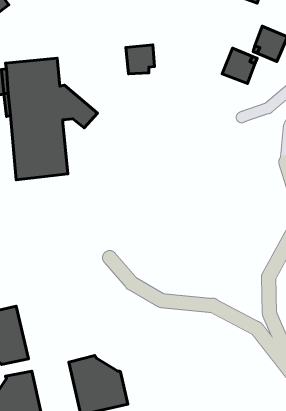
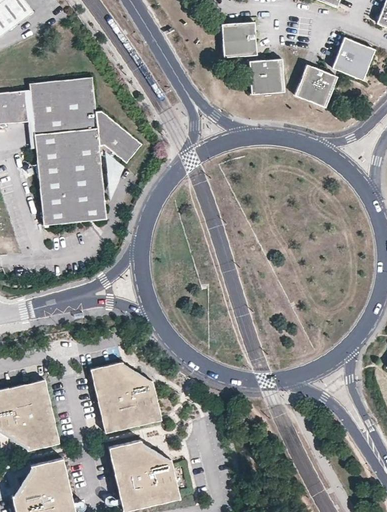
building: none -> [250,61,284,95]
building: [126,45,155,74] -> [221,23,256,58]
building: none -> [90,361,162,433]

